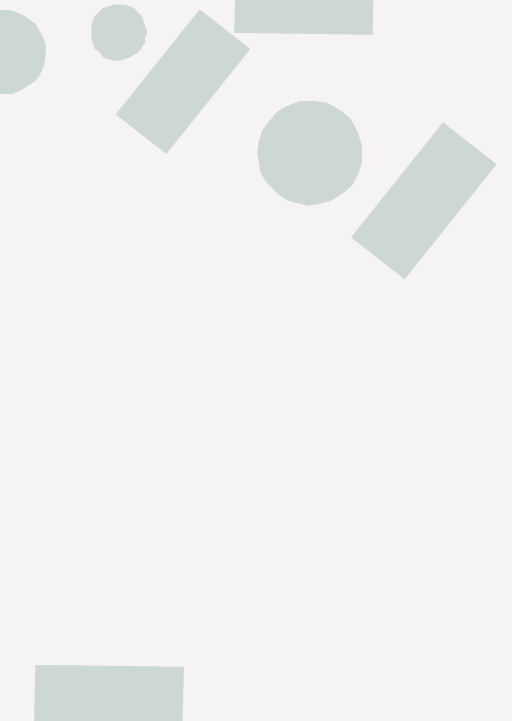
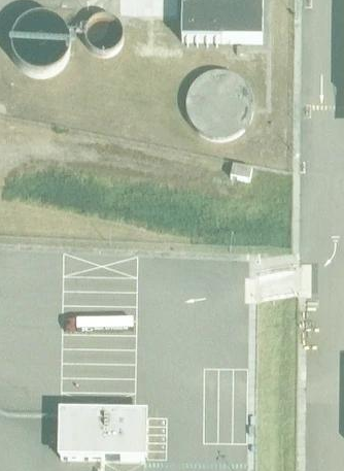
building: [114,8,252,155] -> none
building: [350,121,498,280] -> none

